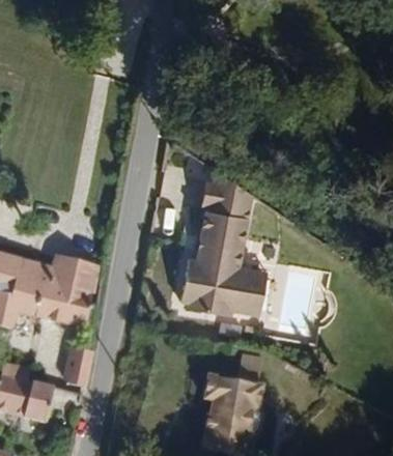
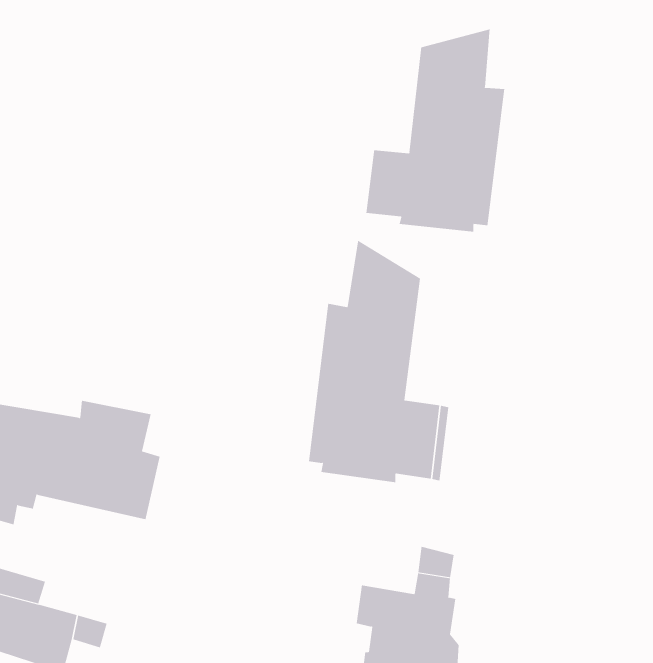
building: none -> [366,28,505,232]
building: [56,344,89,387] -> none

